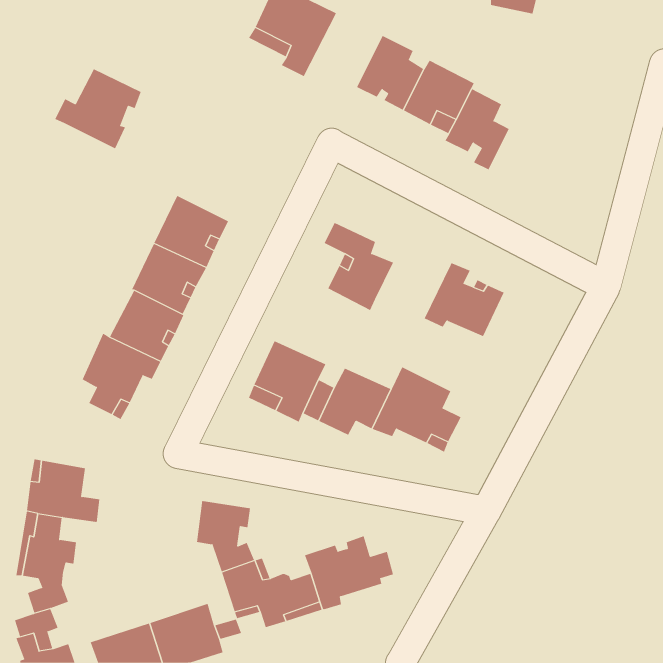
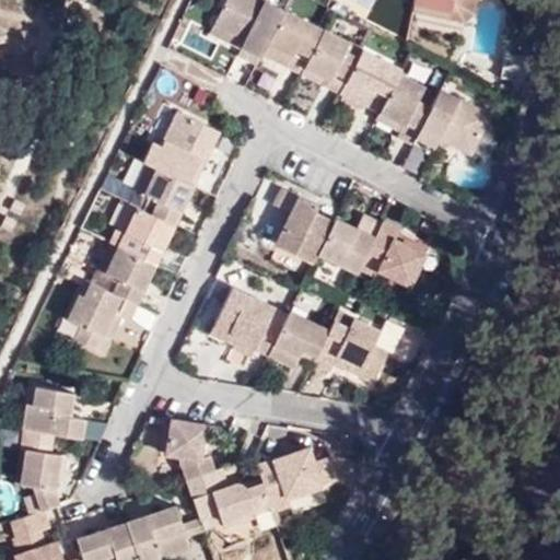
building: none -> [262,11,323,67]
building: [54,69,142,149] -> [142,118,215,186]
building: none -> [412,90,490,154]
building: none -> [317,214,380,270]

